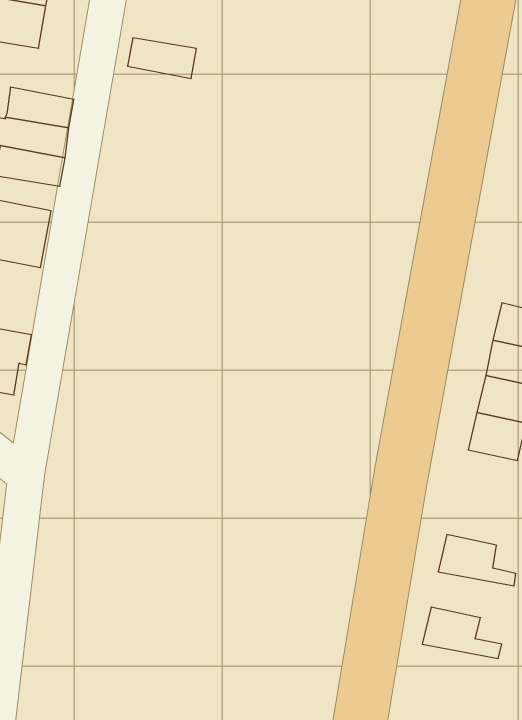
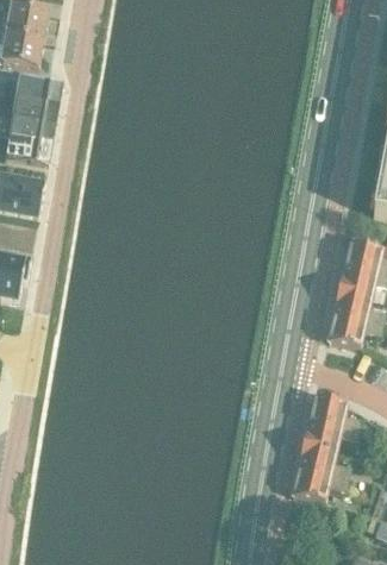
building: [127,38,196,79] -> [17,75,63,102]
building: none -> [300,420,356,451]
building: none -> [289,469,345,501]

